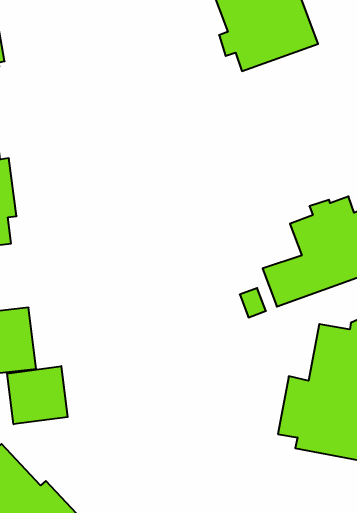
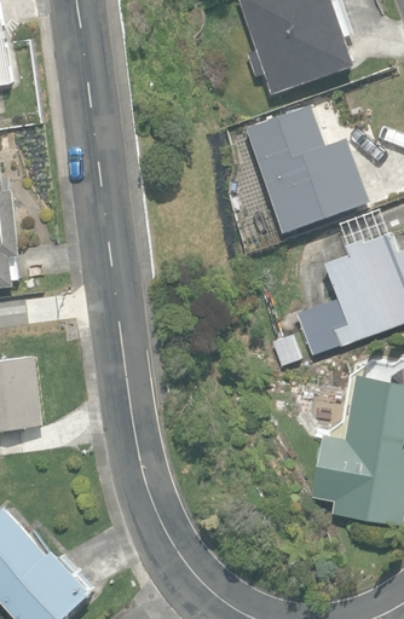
building: none -> [244,103,371,233]
building: [7,366,68,424] -> none

